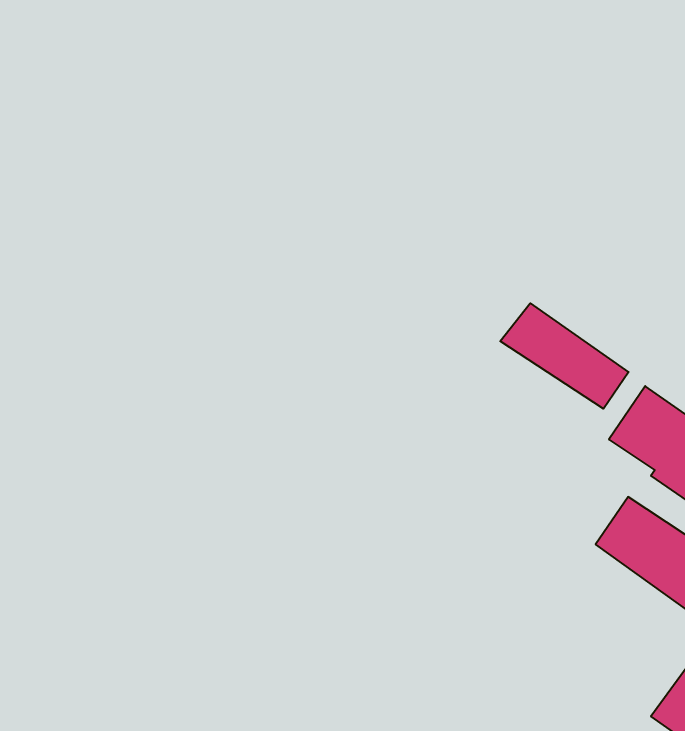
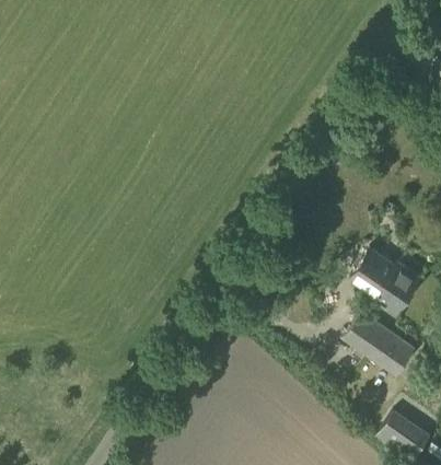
building: [500,303,629,409] -> none

